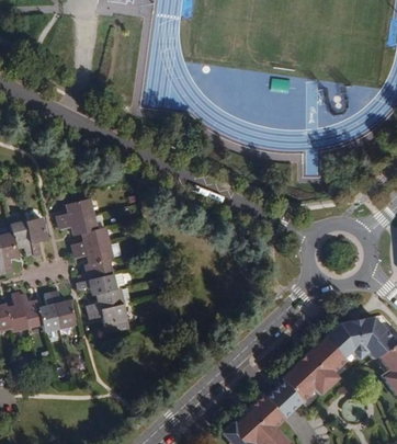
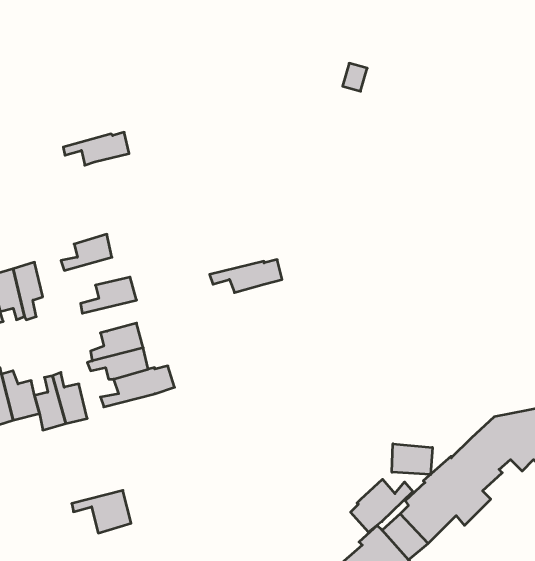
building: [53,214,97,236] -> [63,132,129,165]
building: [65,242,113,264] -> [210,260,282,293]
building: [79,306,118,334] -> [72,490,131,533]
building: none -> [392,444,432,475]
building: none -> [351,479,413,532]

